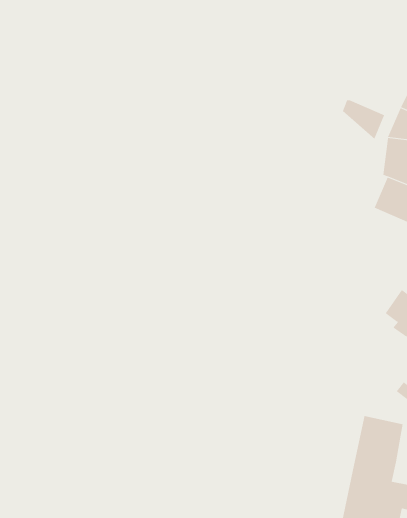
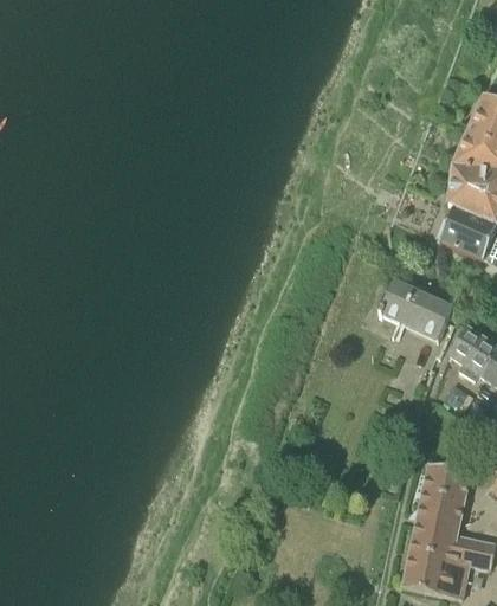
building: [342,99,385,140] -> none
building: none -> [380,282,452,340]

